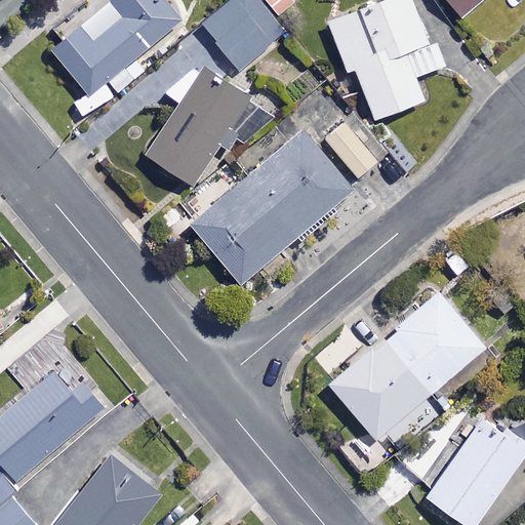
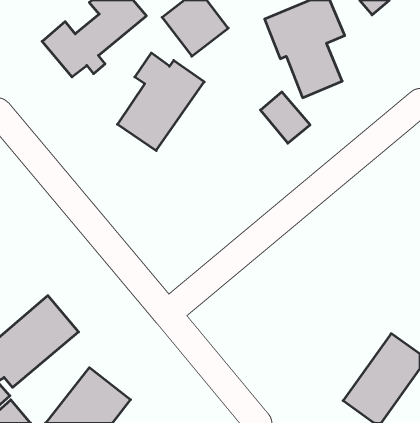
building: [192,133,352,285] -> none
building: [329,292,484,454] -> none

